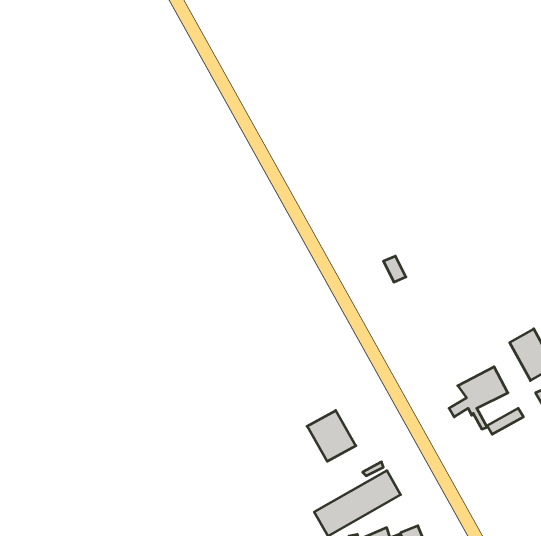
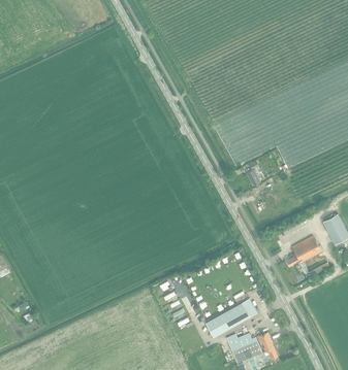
building: [307,410,356,461] -> none

